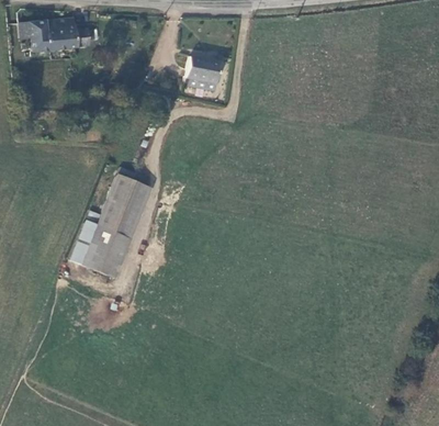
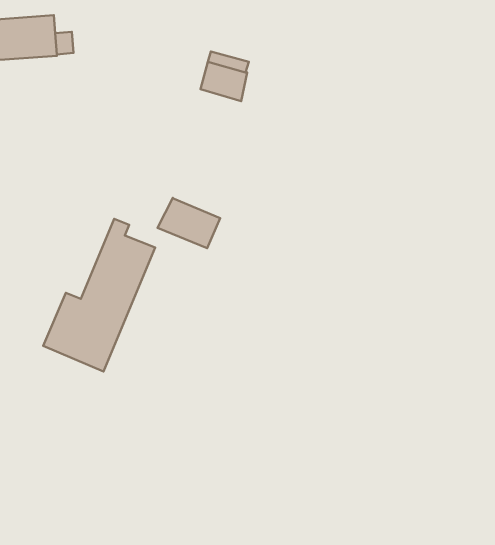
building: none -> [157,198,220,248]

